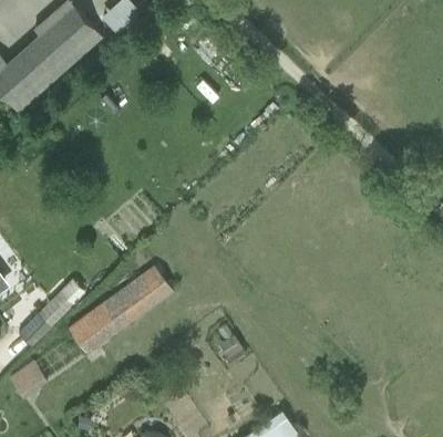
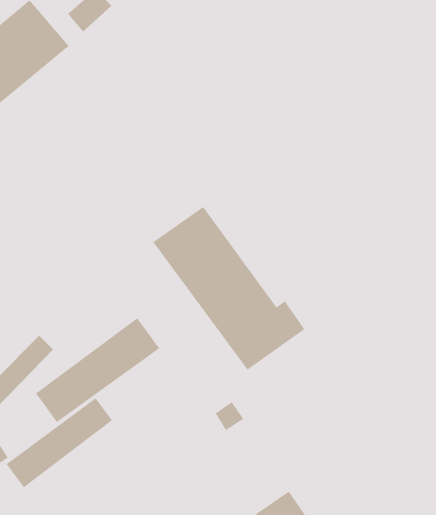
building: none -> [152,206,305,371]
building: none -> [6,397,113,488]

